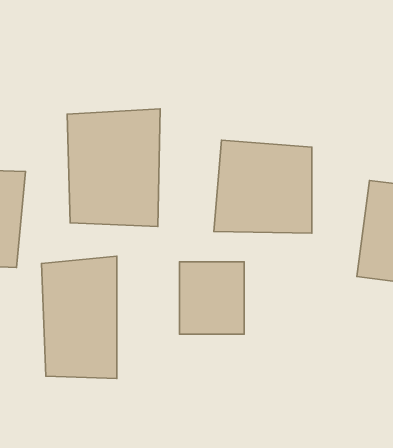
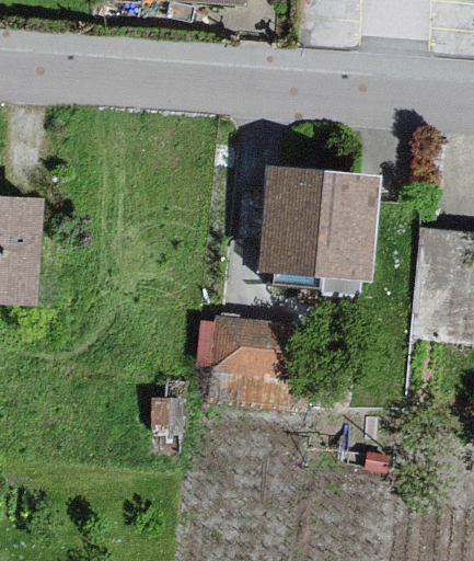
building: [67,109,160,227] -> none
building: [42,256,117,378] -> none

